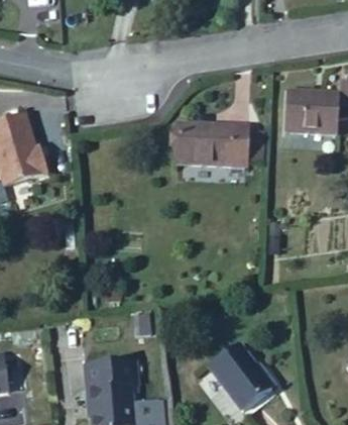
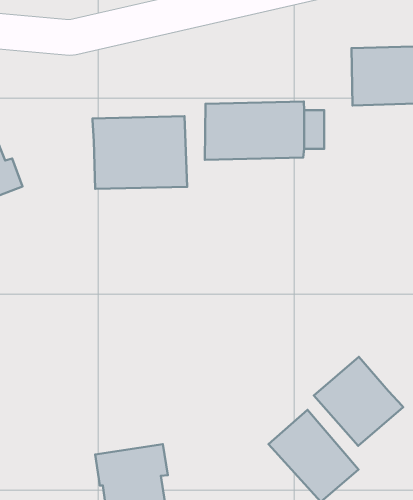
building: none -> [92,116,187,189]
building: none -> [314,357,403,446]

